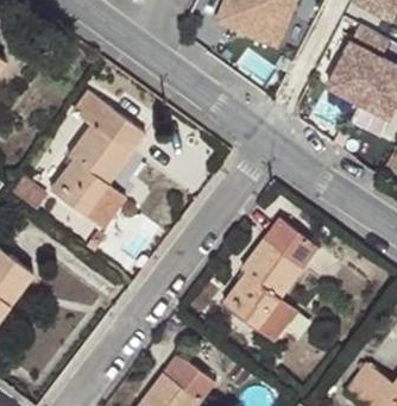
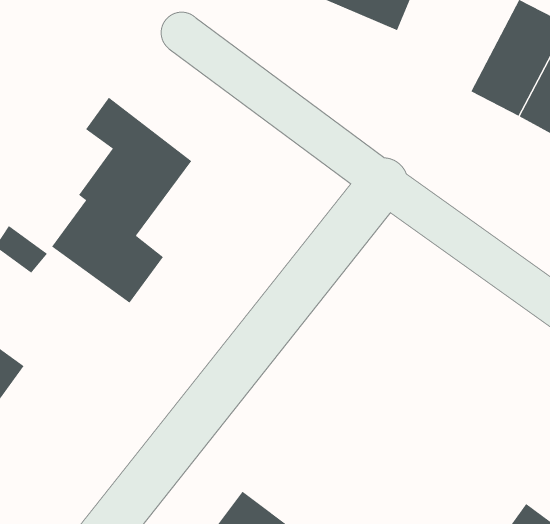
building: [222,219,317,343] -> none

